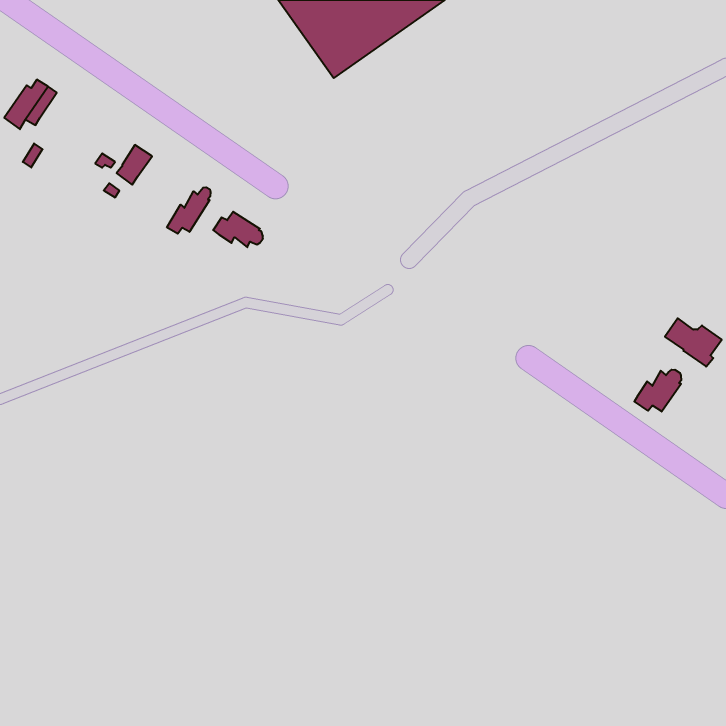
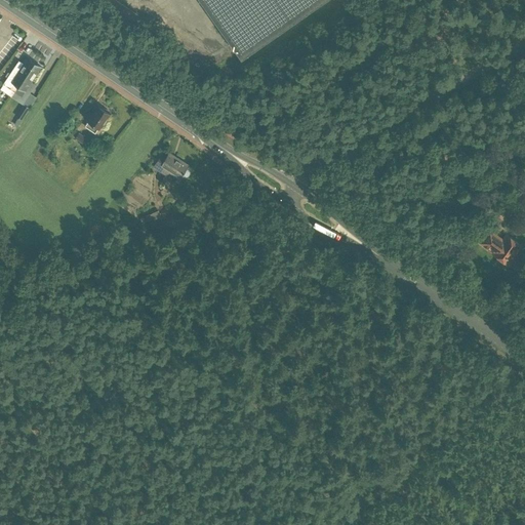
building: [167,187,210,234] -> none
building: [634,370,681,412] -> none

